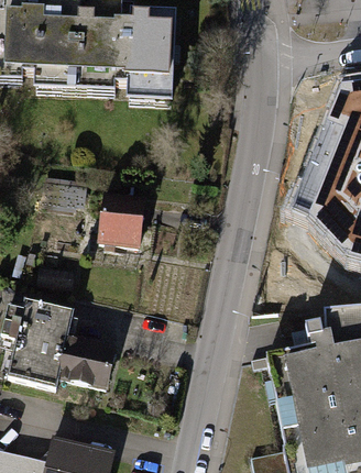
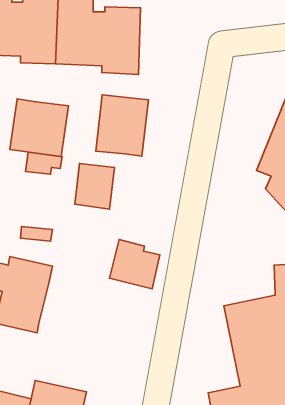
building: none -> [96,95,148,156]
building: none -> [10,99,69,157]
building: [56,327,113,383] -> [110,239,160,289]

